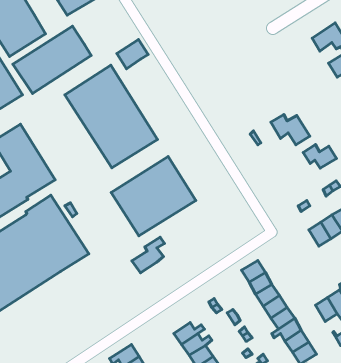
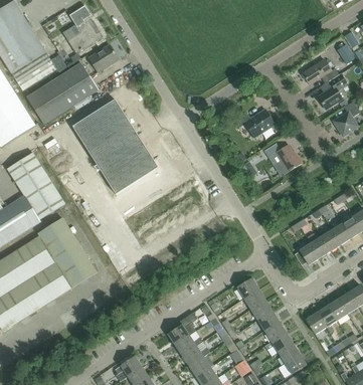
building: [117,39,148,69] -> [87,44,117,71]
building: none -> [234,111,273,136]
building: [303,145,336,168] -> none
building: [111,156,196,236] -> none
building: [132,237,164,273] -> [166,312,196,345]

